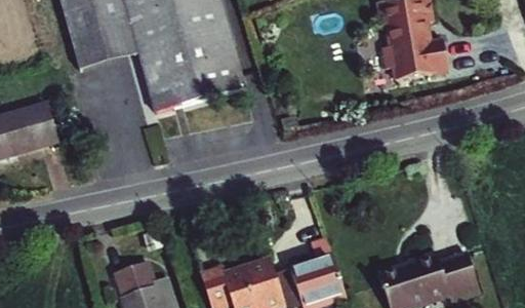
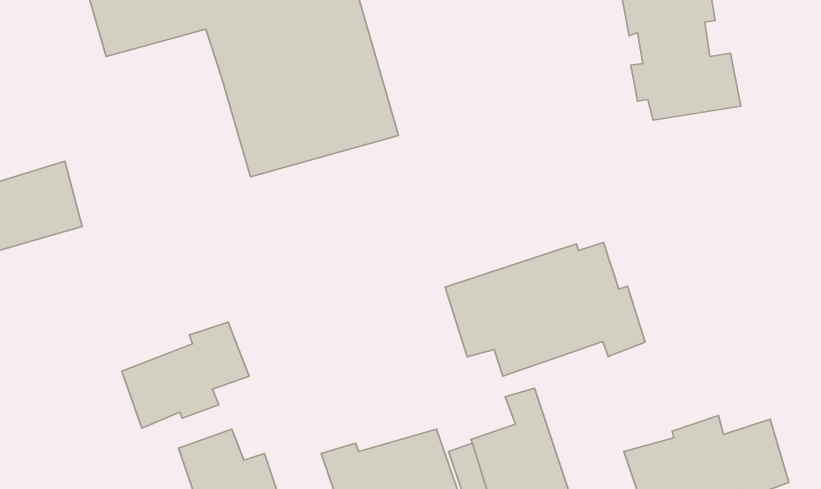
building: [71,21,139,67] -> none
building: none -> [445,242,645,376]
building: none -> [122,322,249,428]

